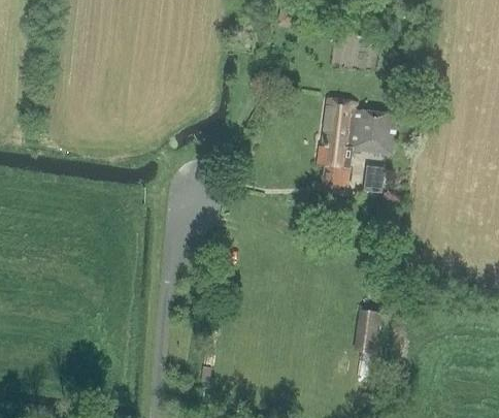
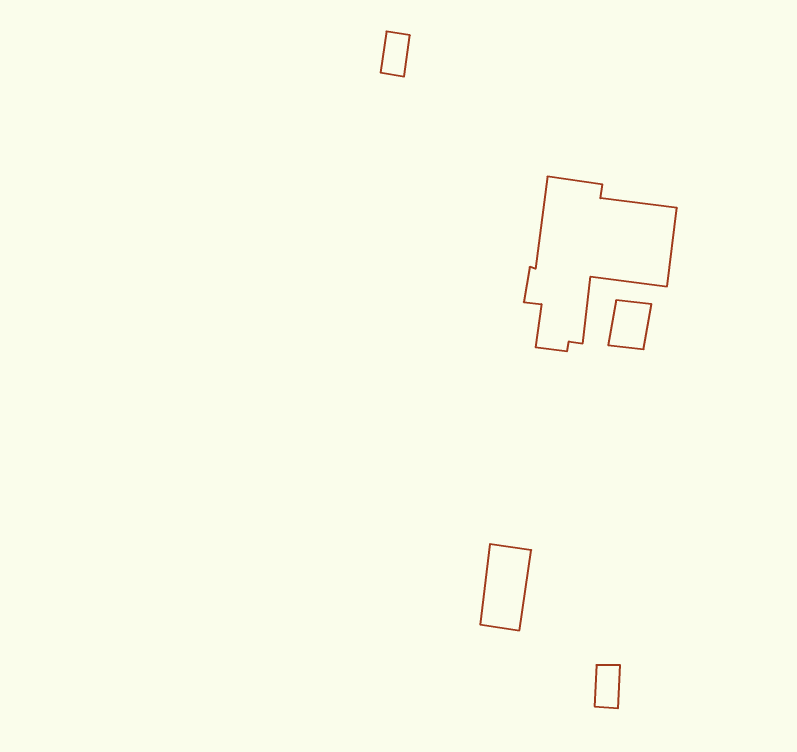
building: [355,309,381,354] -> [480,544,531,630]

